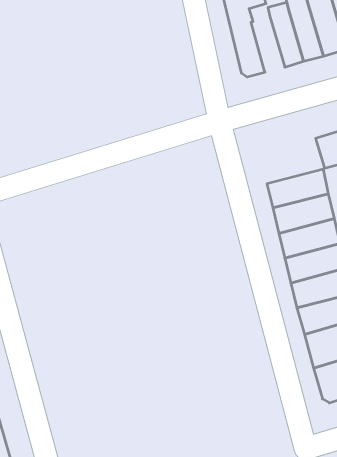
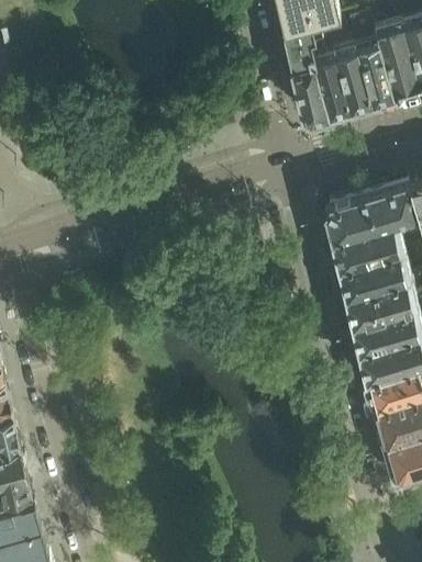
building: none -> [314,60,352,122]
building: none -> [325,195,396,246]

